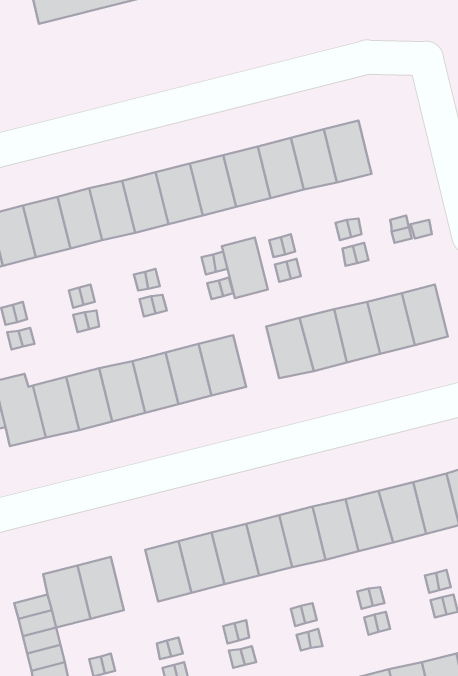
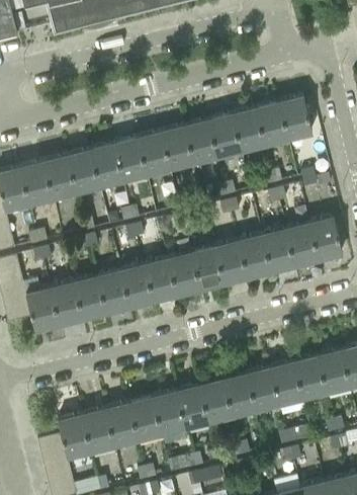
building: none -> [279,96,311,140]
building: [222,238,268,298] -> [191,247,224,290]
building: none -> [105,404,139,446]

